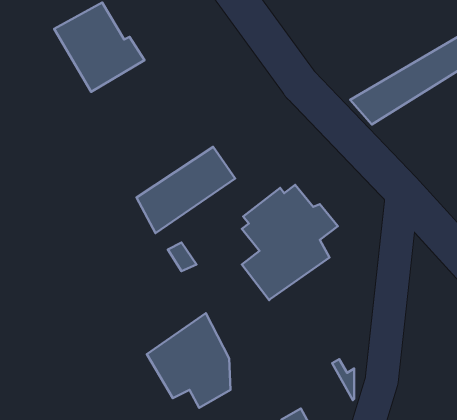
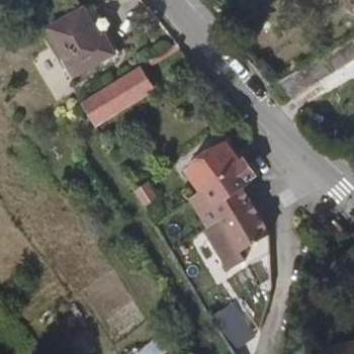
building: [136,147,235,233] -> [79,65,152,128]
building: [147,313,231,408] -> [206,198,268,268]

